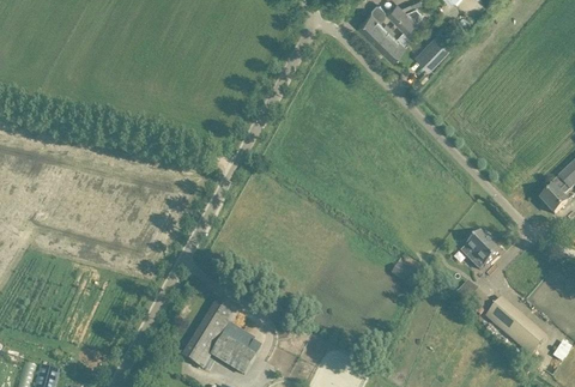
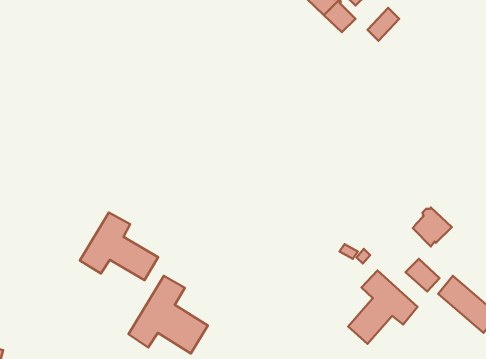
building: none -> [80,212,158,280]
building: none -> [348,271,418,344]

